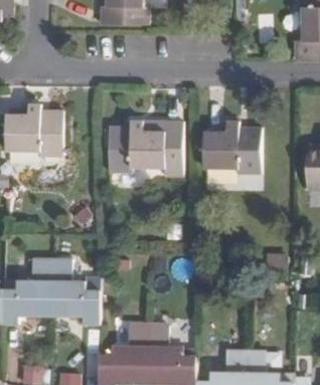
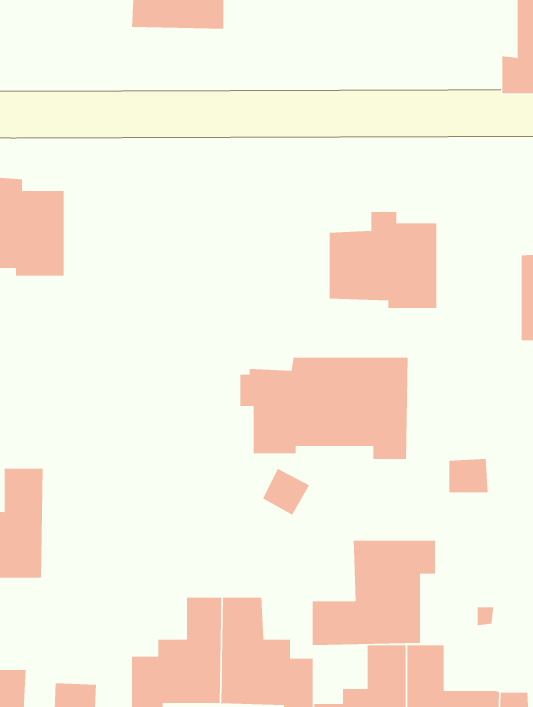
building: [103,121,192,175] -> [239,357,409,460]
building: [51,257,100,324] -> none
building: none -> [312,540,435,646]

